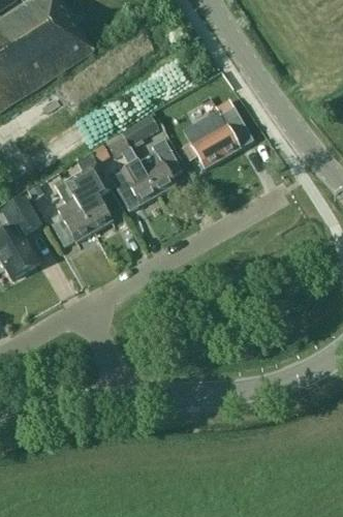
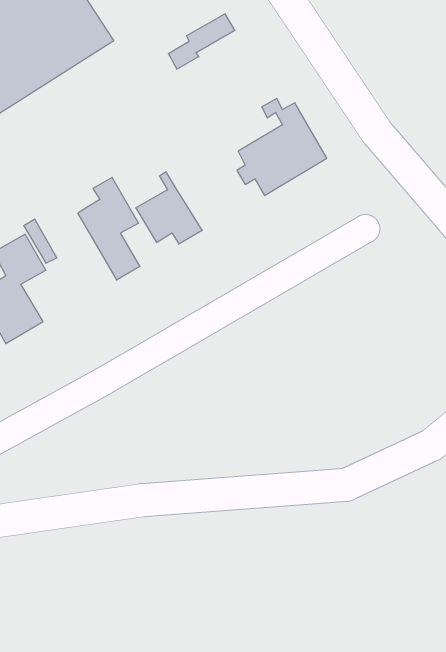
building: [108,114,158,155] -> [168,14,235,69]
building: [138,136,182,191] -> none
building: [50,175,95,244] -> none

